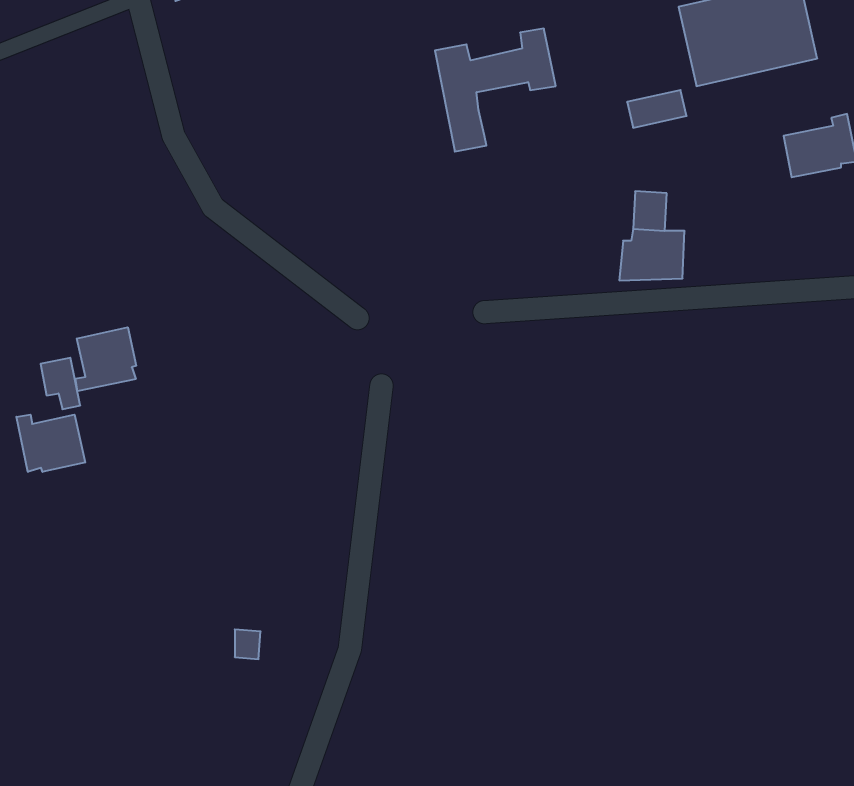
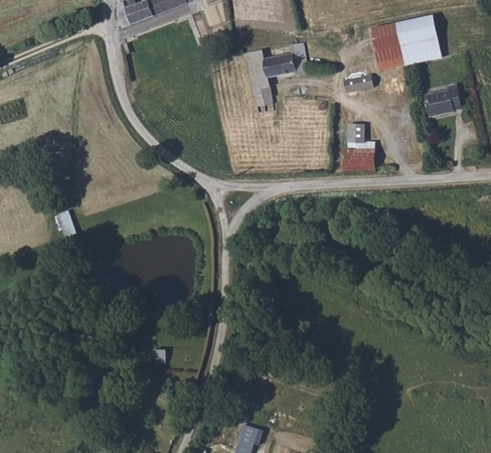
building: [76,327,136,391] -> none
building: [16,415,85,472] -> none

